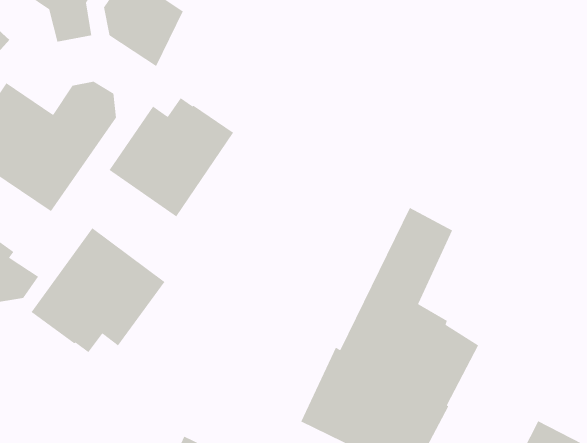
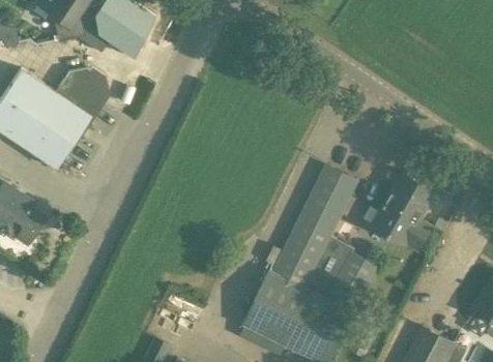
building: [109,97,234,218] -> none
building: none -> [372,172,436,252]
building: [30,227,165,353] -> none

